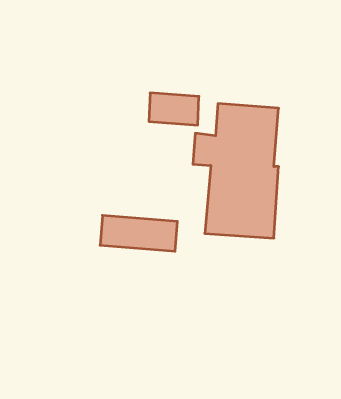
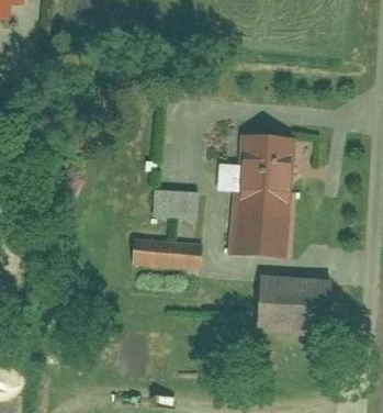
building: [149,93,199,125] -> [150,188,196,217]
building: none -> [256,275,333,336]

